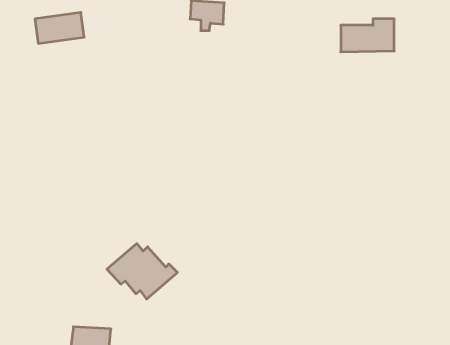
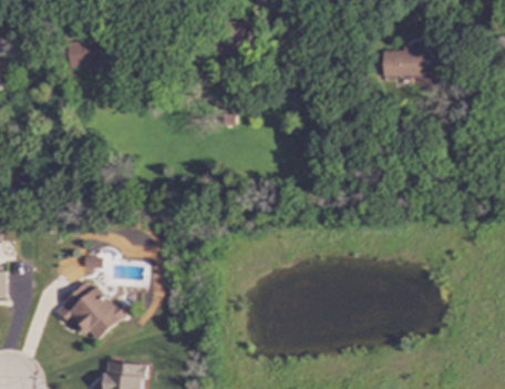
building: [107,244,177,299] -> [54,284,127,341]

